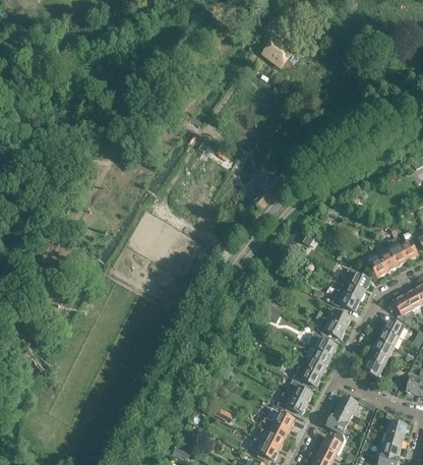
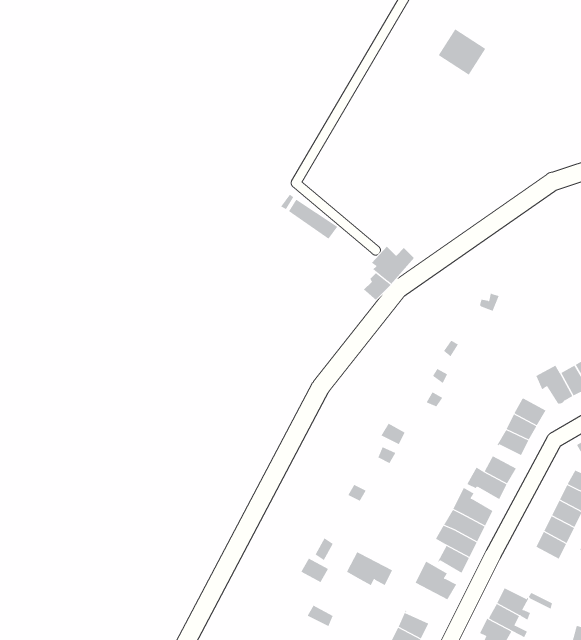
building: [261,37,293,67] -> [438,29,486,76]
building: [276,391,306,413] -> [346,551,393,586]

